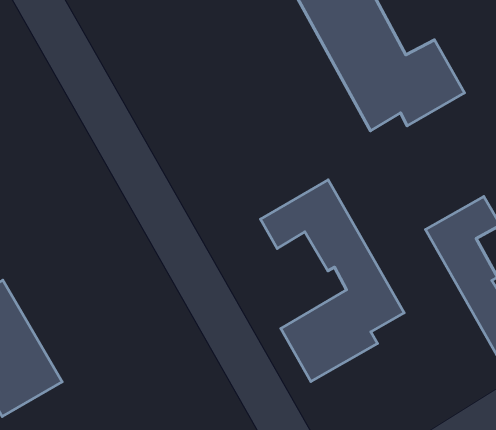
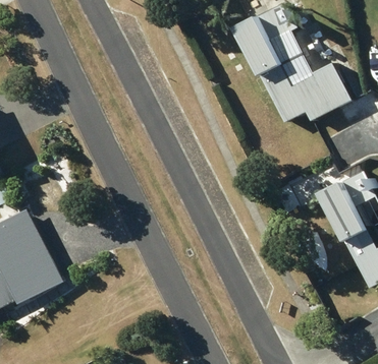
building: [261,180,404,381] -> none

